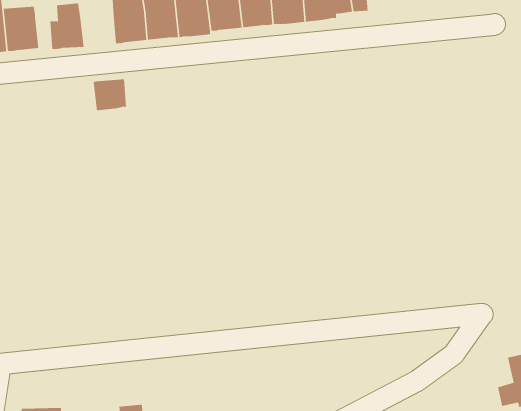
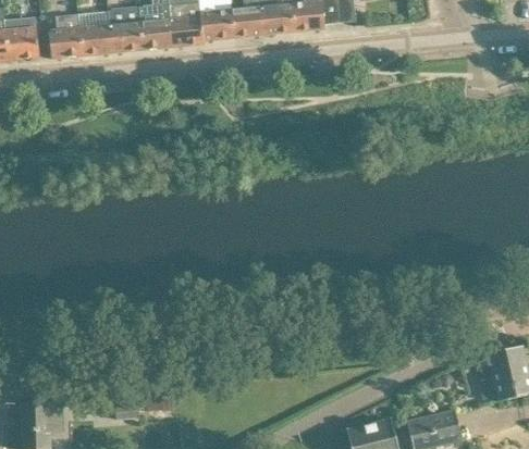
building: [93,79,127,111] -> [81,25,113,55]

